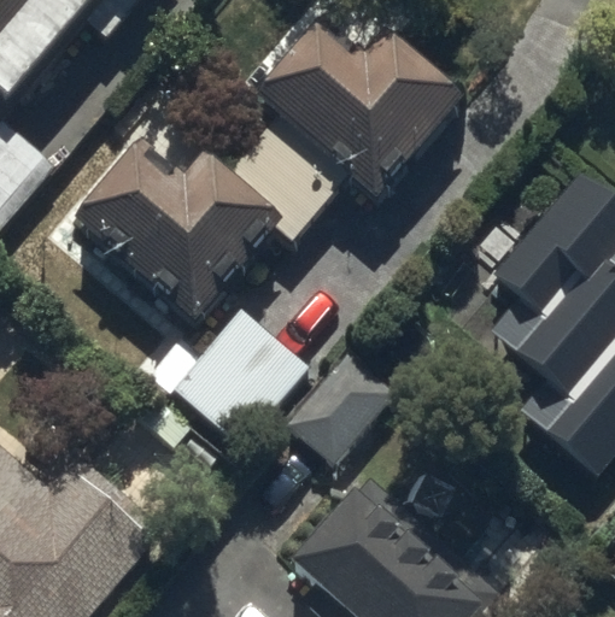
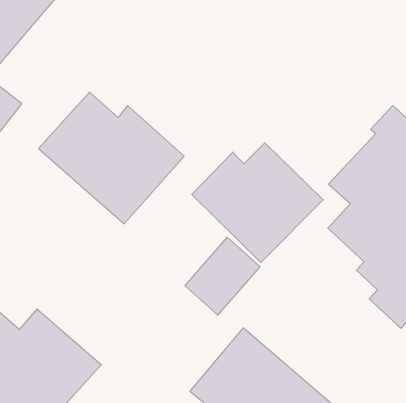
building: [228,34,465,235] -> none
building: none -> [192,143,323,262]
building: [171,305,307,441] -> none

